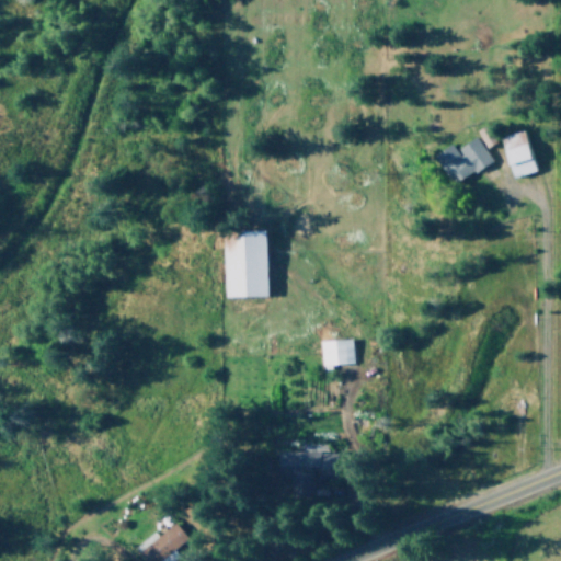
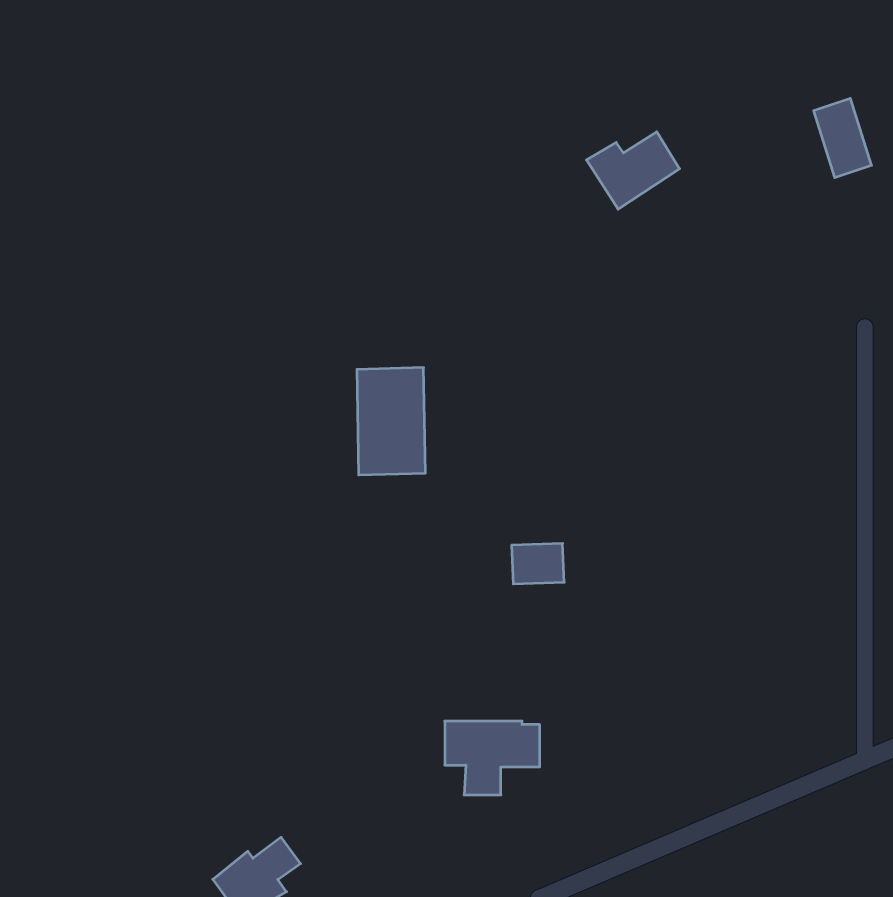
building: [502,129,538,179] -> [814,98,872,178]
building: [435,137,493,185] -> [586,132,680,209]

